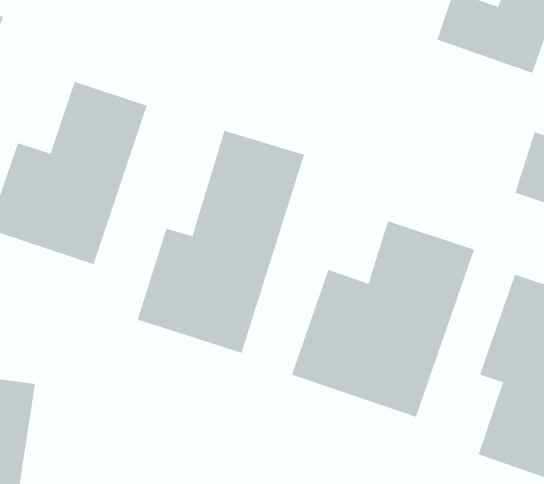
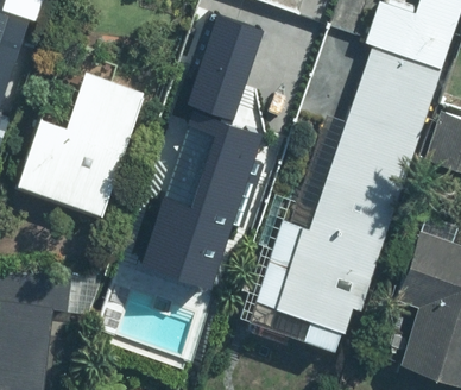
building: none -> [185,17,260,112]
building: none -> [328,51,441,205]

